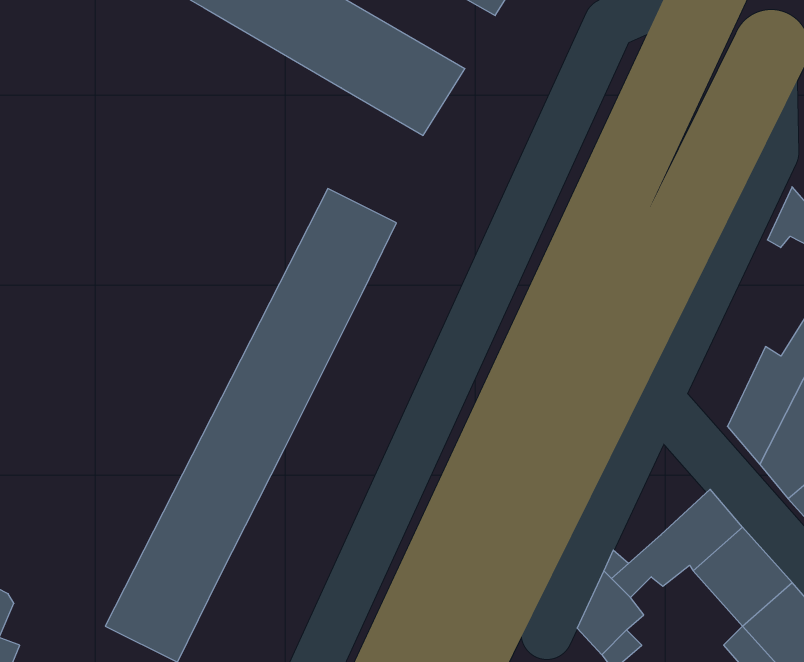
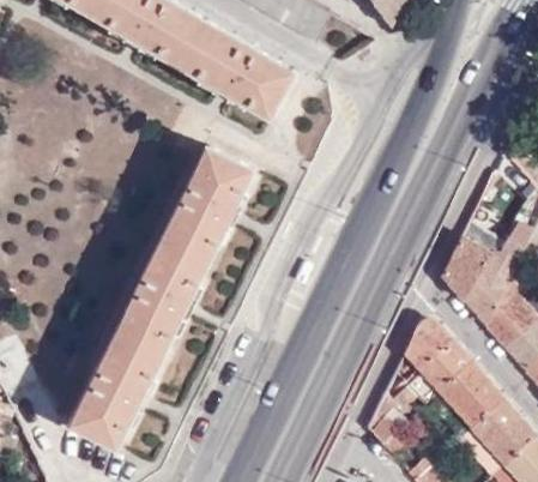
building: none -> [441,221,496,300]
building: none -> [403,317,451,368]

